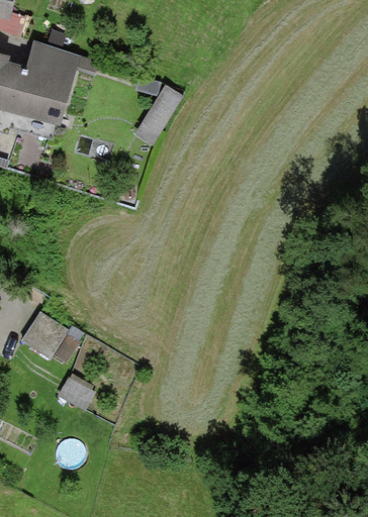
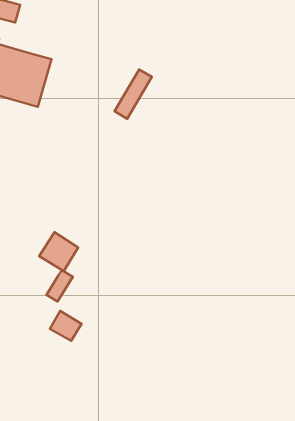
building: [36,41,71,77] -> none
building: [24,315,71,361] -> [39,232,78,271]

